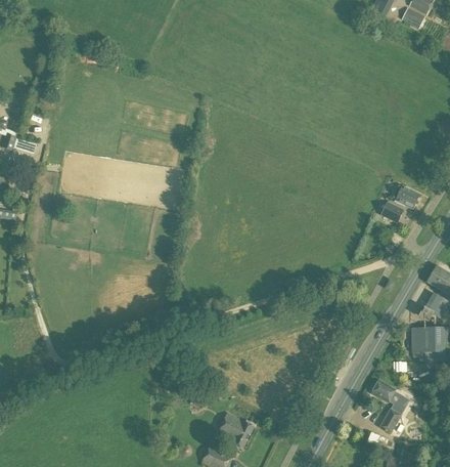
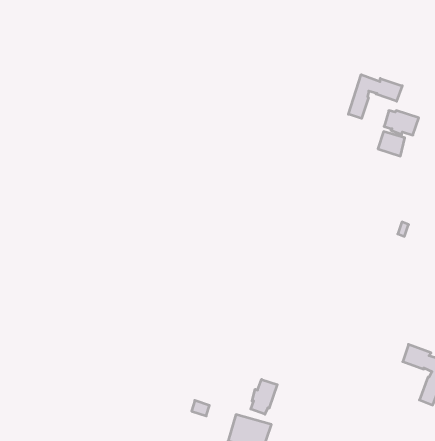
building: none -> [348,75,402,118]
building: none -> [251,379,277,414]

